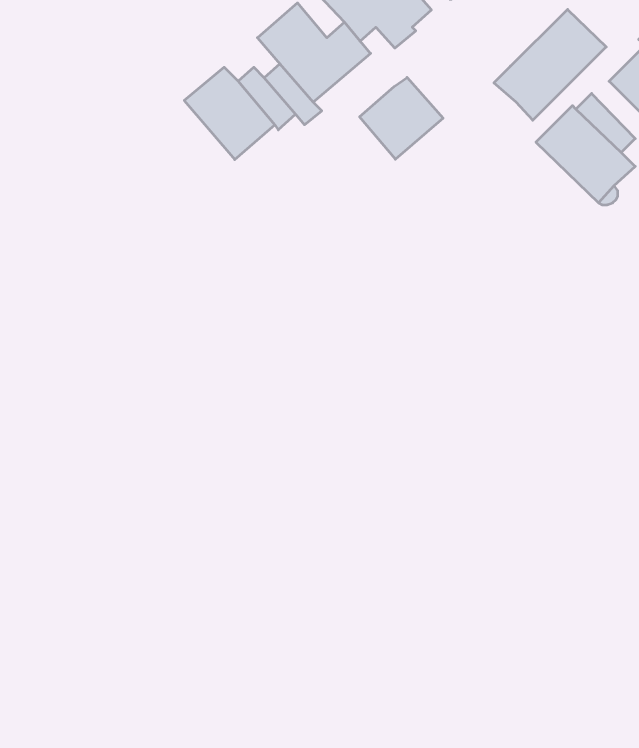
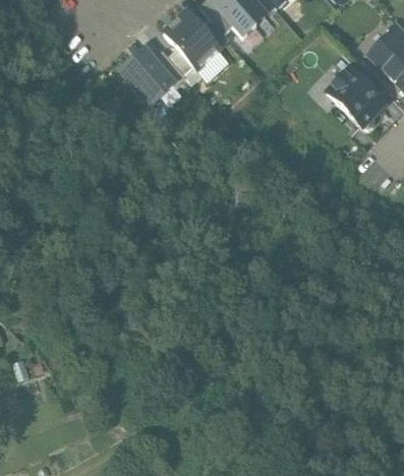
building: [494,9,606,120] -> none
building: [360,77,443,159] -> none

